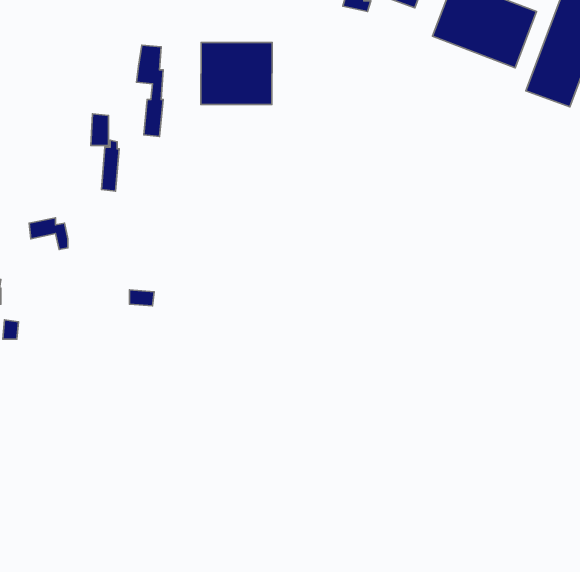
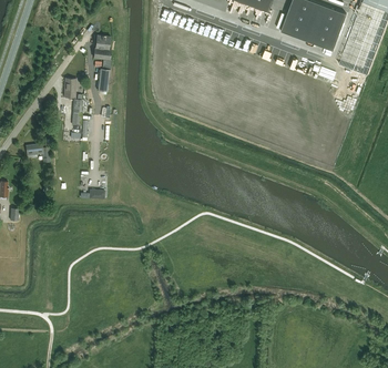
building: [201,43,272,104] -> none

